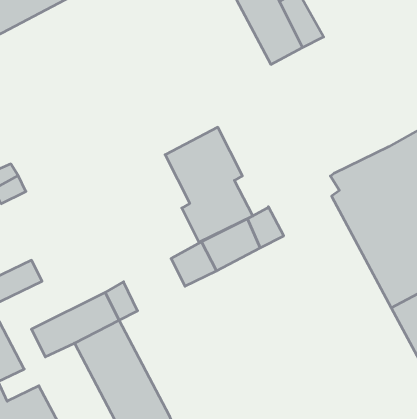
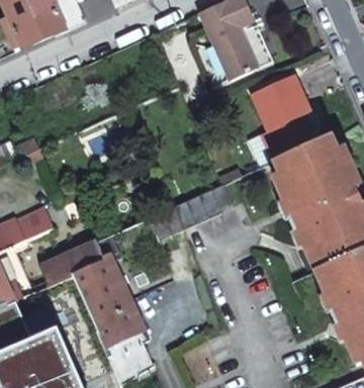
building: [165,127,253,242] -> [253,77,315,162]

